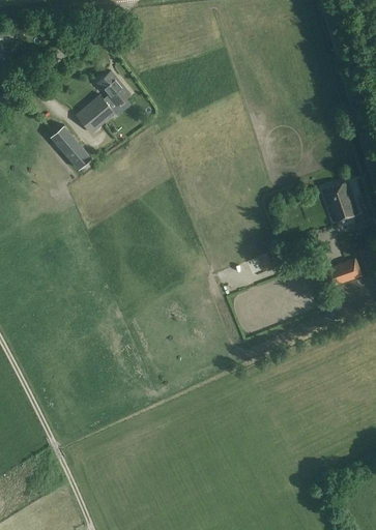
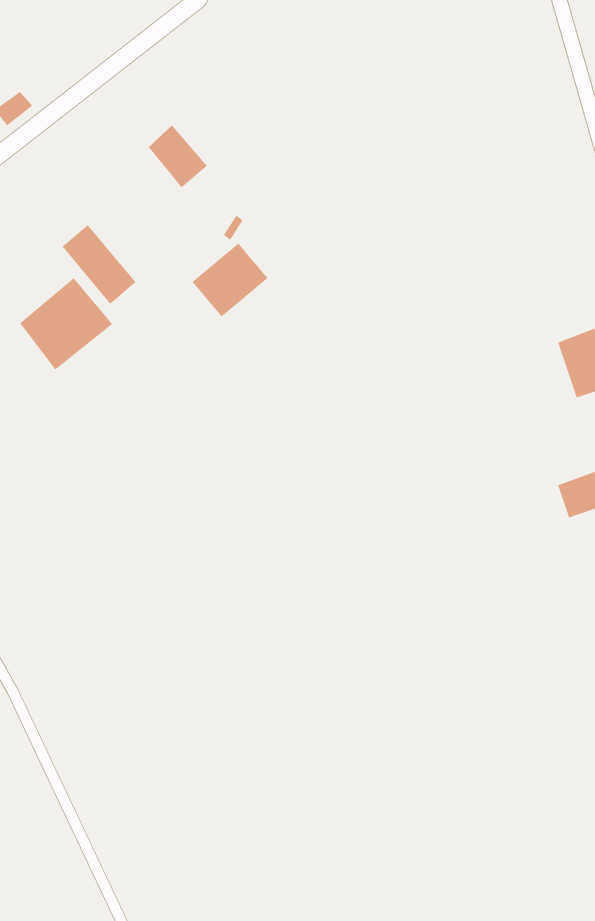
building: [75,93,117,135] -> [192,242,269,318]
building: none -> [19,277,113,371]

